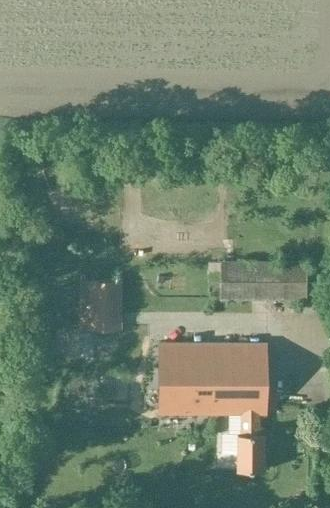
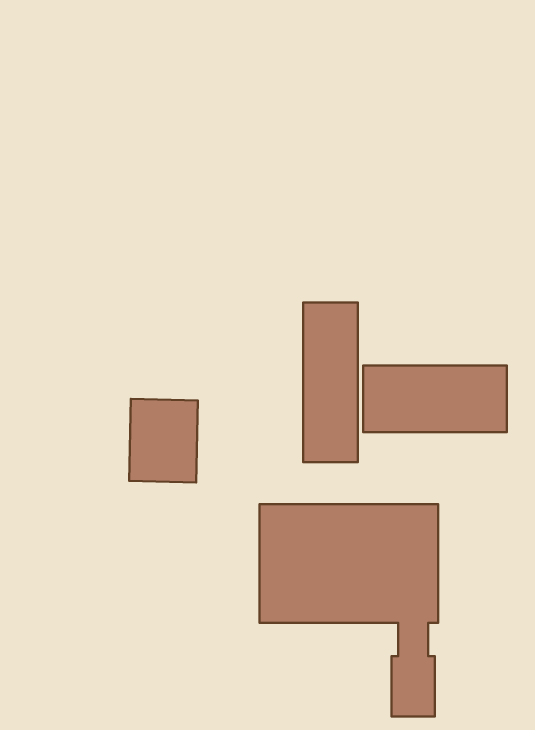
building: none -> [303,302,358,462]

